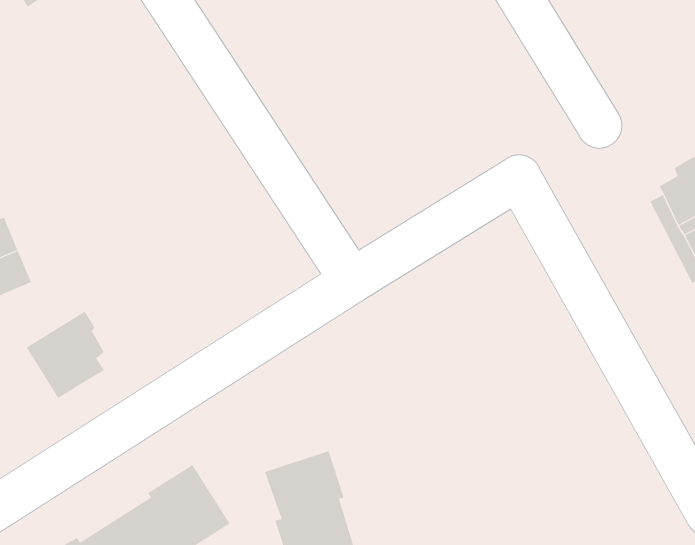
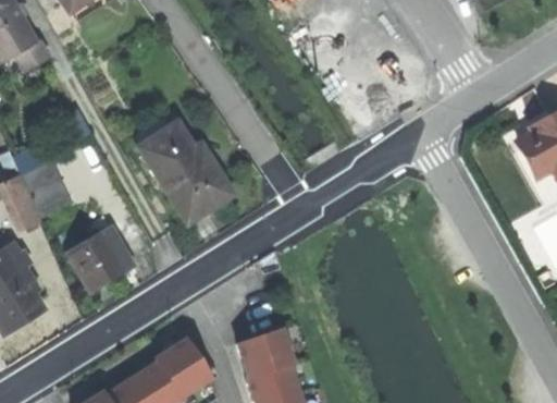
building: none -> [133,119,231,222]

